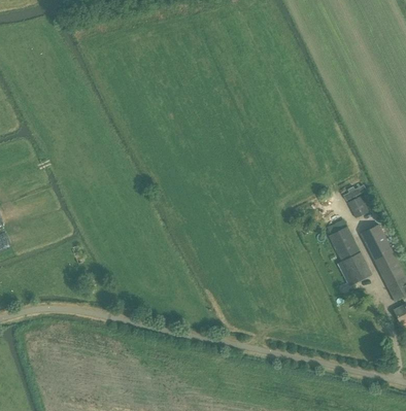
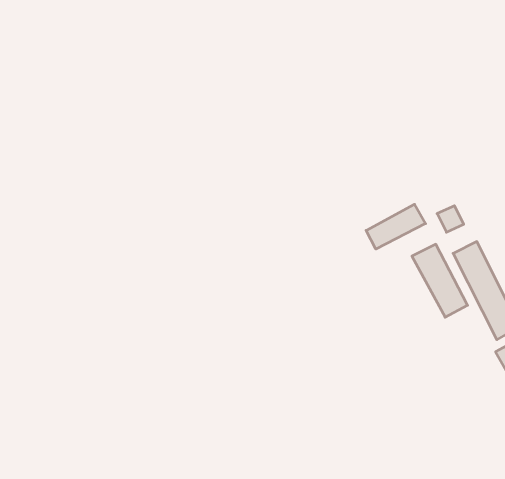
building: none -> [366,204,426,249]

